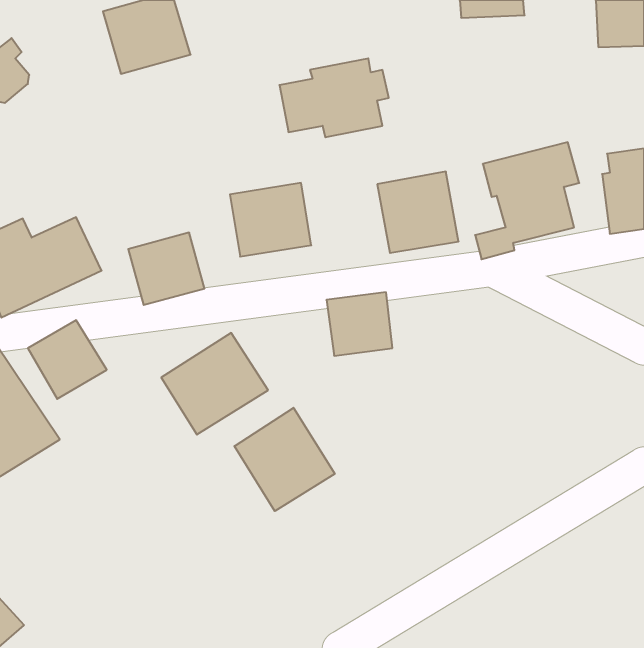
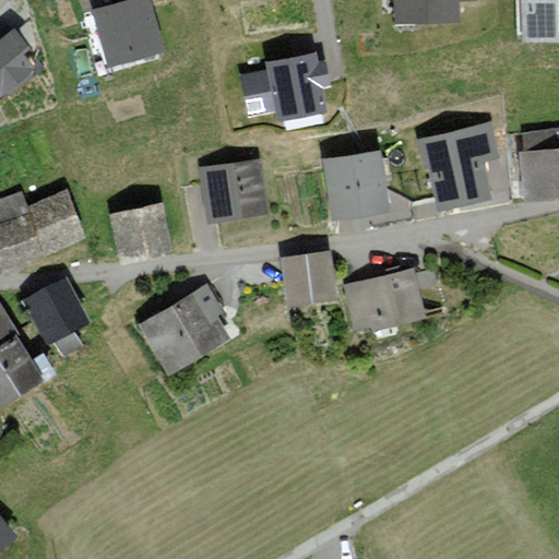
building: none -> [344,271,425,335]
building: [234,408,335,511] -> none

